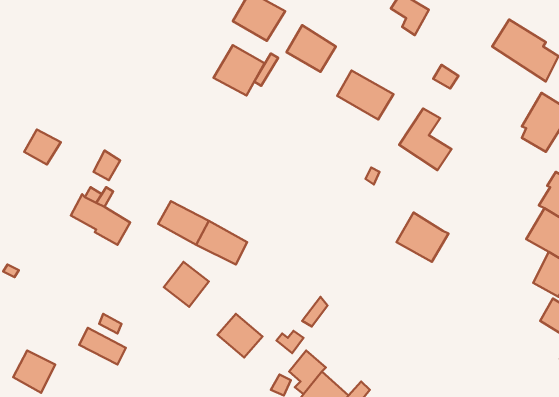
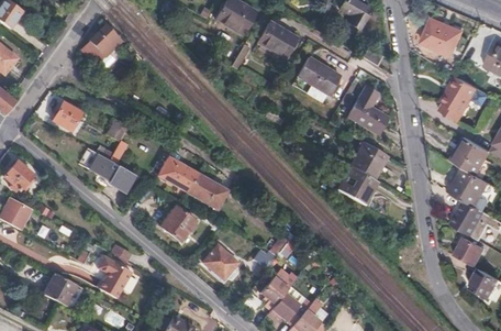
building: none -> [80,23,115,58]
building: [214,45,264,95] -> none
building: none -> [354,144,393,181]
building: none -> [92,271,125,299]

